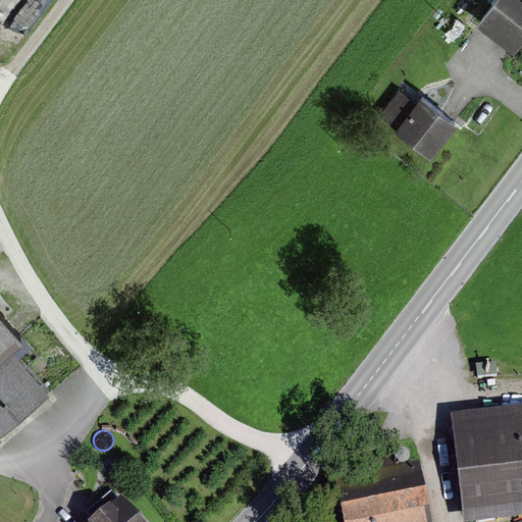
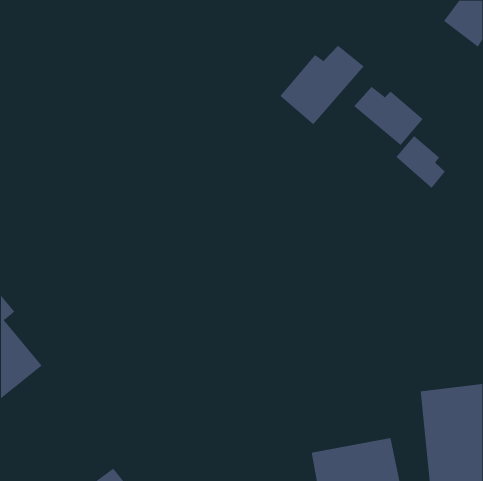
building: none -> [279,45,365,125]
building: none -> [395,135,445,189]

